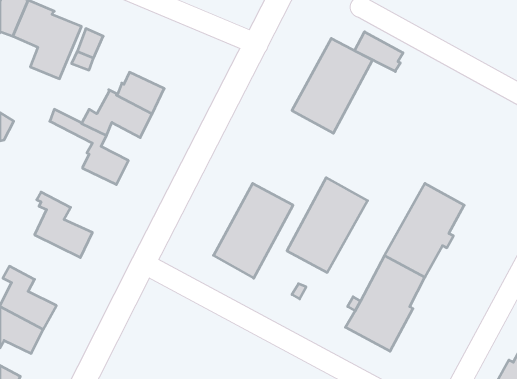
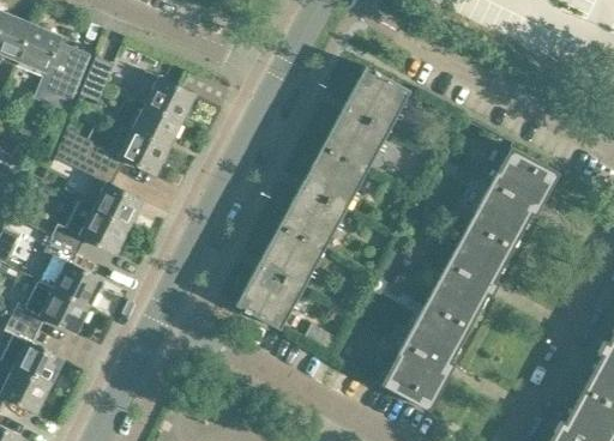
building: [354,32,403,72] -> none
building: none -> [132,71,194,121]
building: none -> [468,146,559,249]
building: none -> [46,201,128,254]
building: [287,178,368,272] -> [278,145,367,249]
building: none -> [11,282,89,333]

